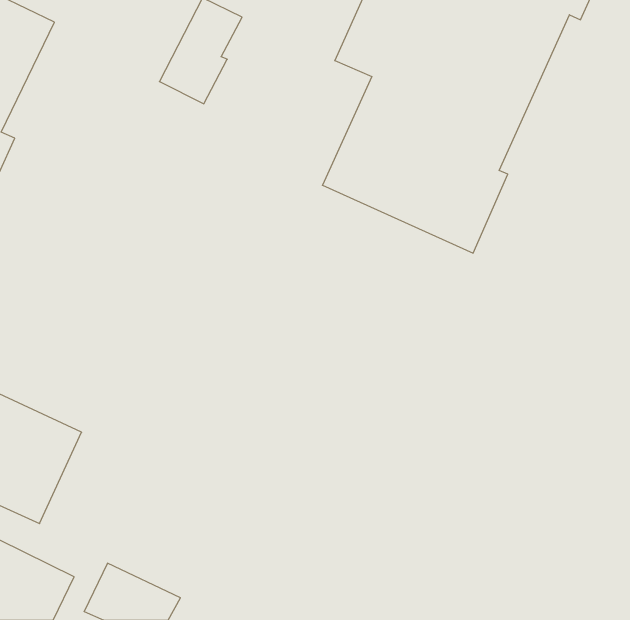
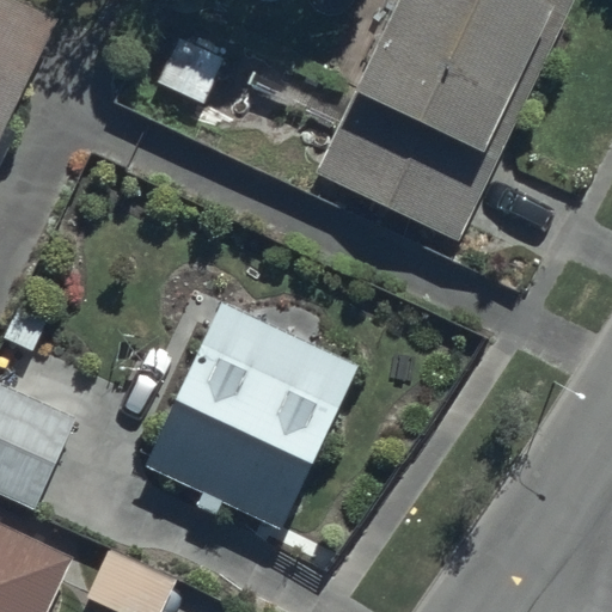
building: none -> [145,301,357,530]

